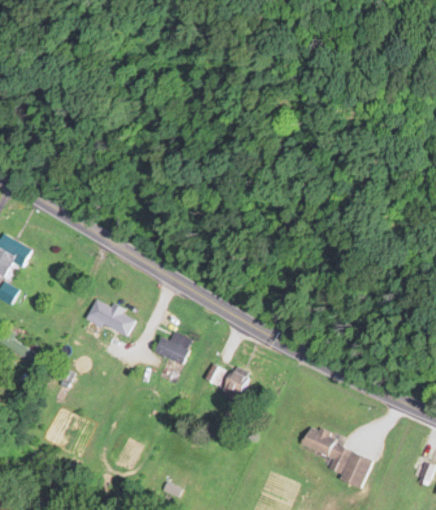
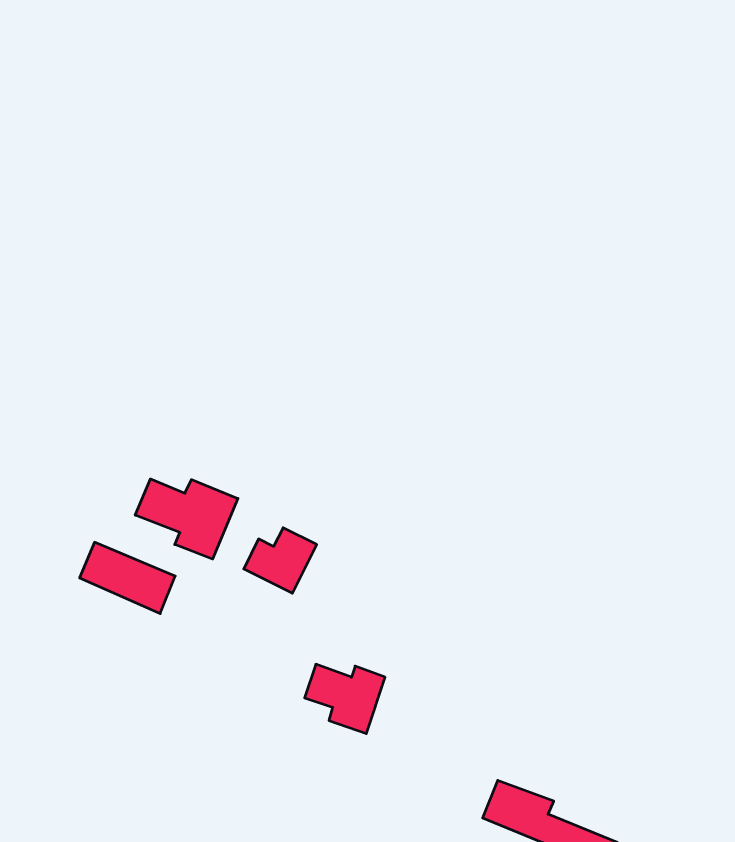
building: none -> [135,479,238,559]
building: [153,330,192,365] -> [244,528,317,593]

